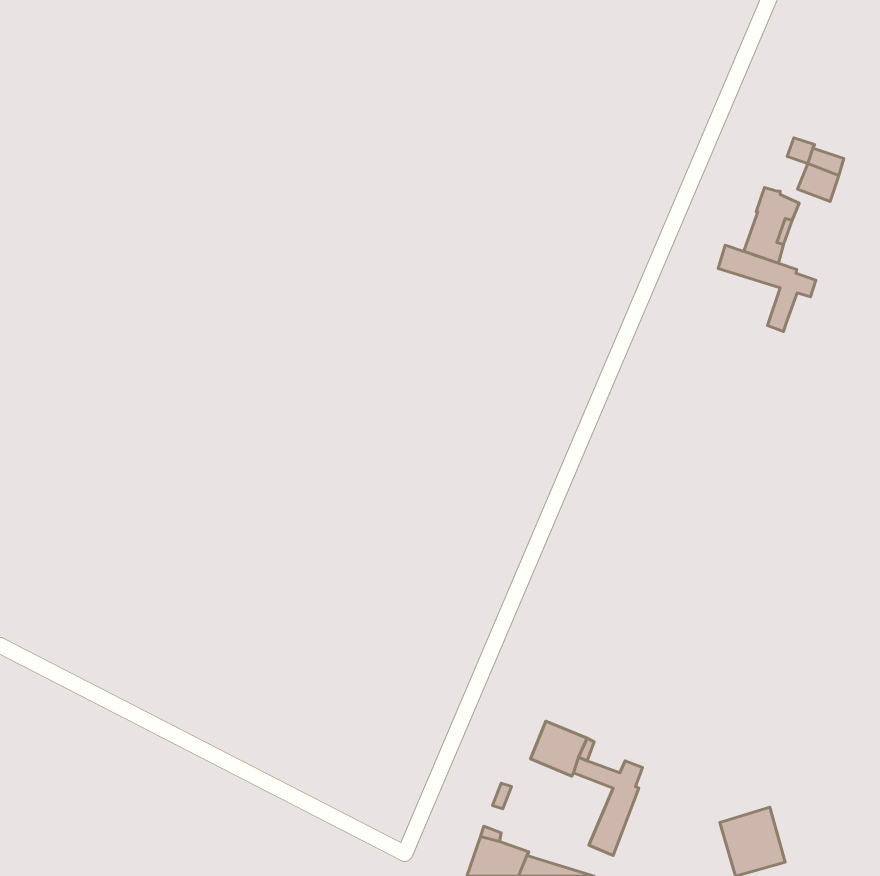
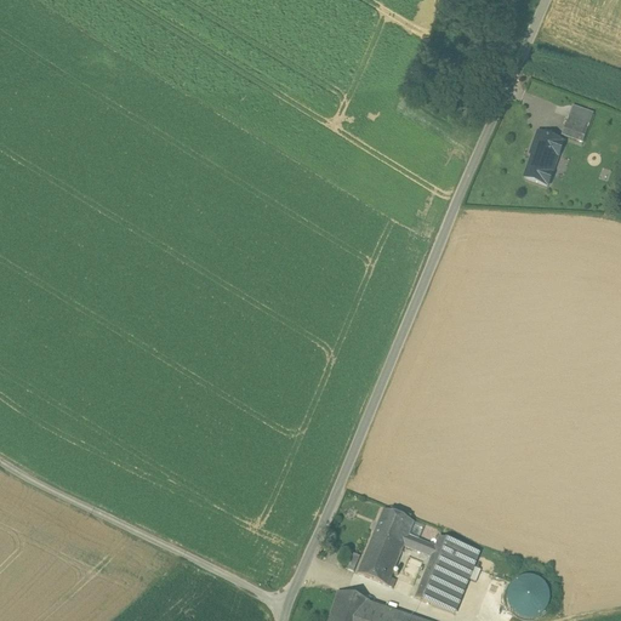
building: [718,245,816,332] -> none
building: none -> [358,535,403,586]
building: none -> [432,541,478,611]

